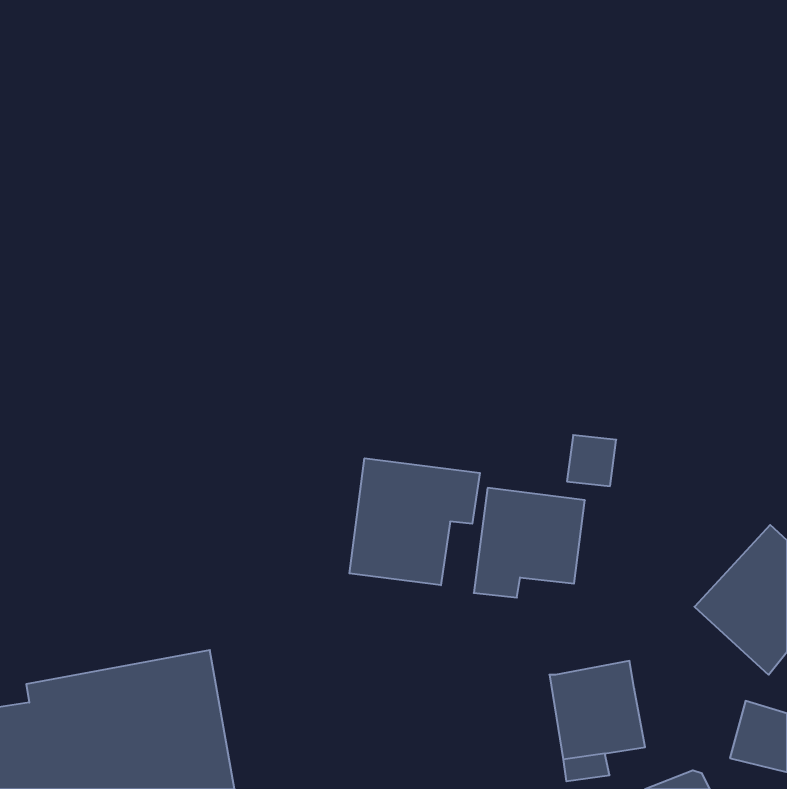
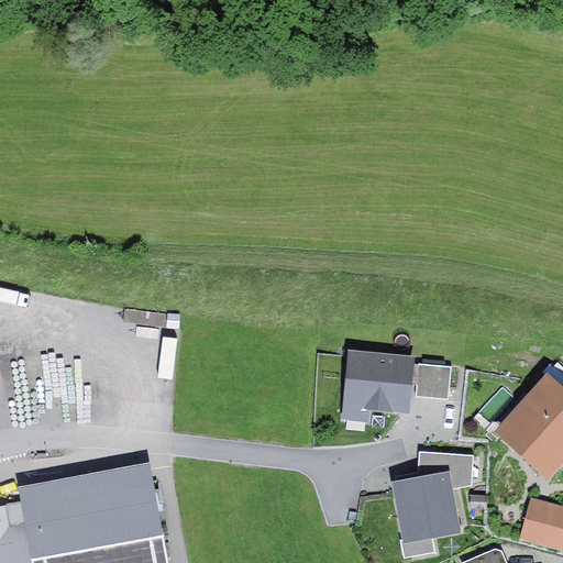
building: [567,435,616,486] -> [416,364,451,400]
building: [349,458,480,585] -> none
building: none -> [395,451,474,490]

